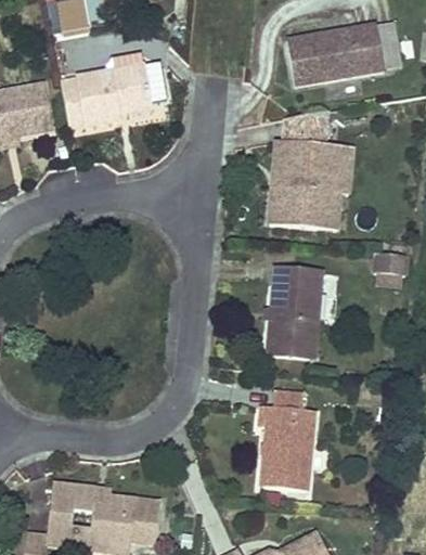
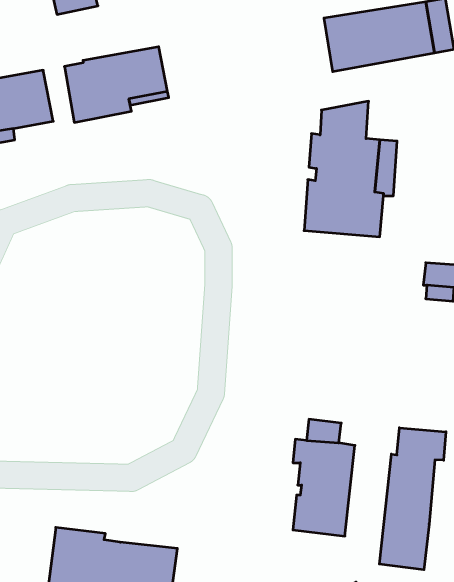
building: [267,267,321,358] -> none
building: none -> [379,428,446,570]

